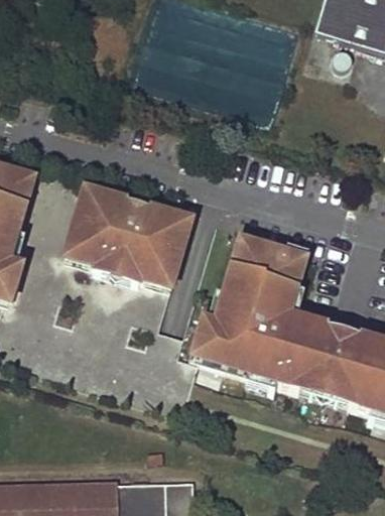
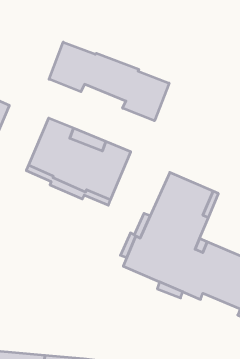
building: none -> [49,42,169,121]

